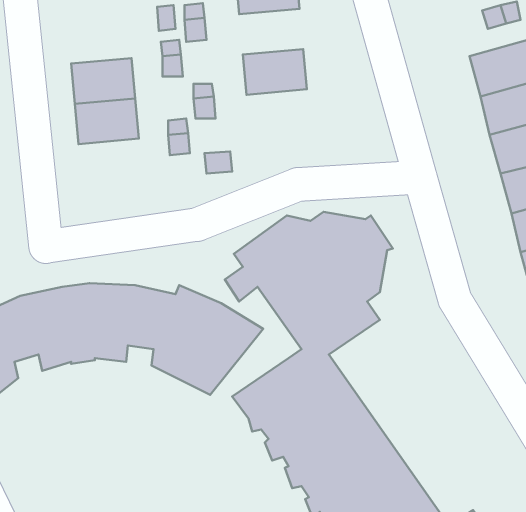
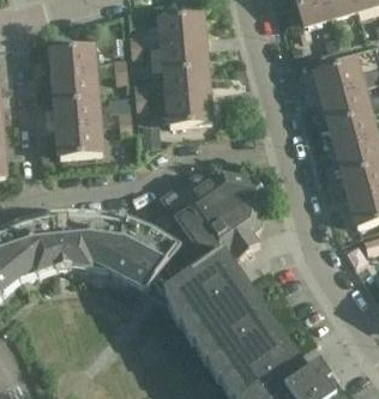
building: none -> [166,38,207,68]
building: none -> [52,44,95,74]
building: none -> [170,91,212,122]
building: none -> [60,123,102,153]

